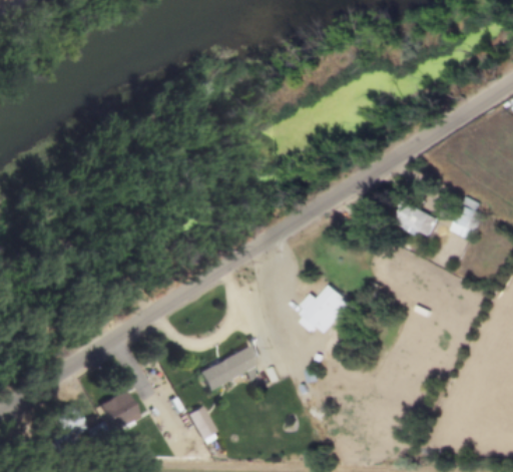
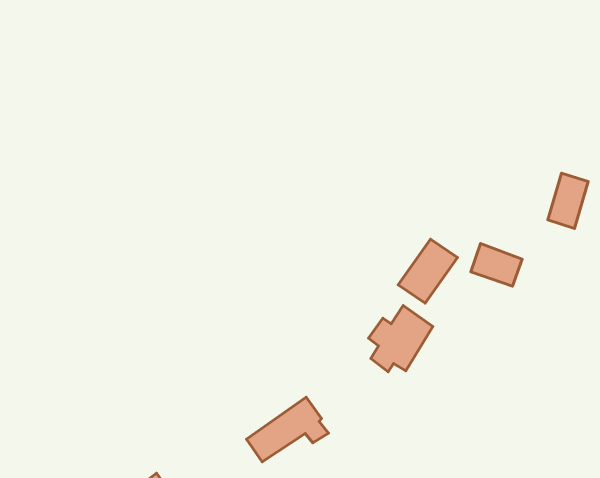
building: [398,202,439,239] -> [471,244,522,286]
building: none -> [398,239,457,303]

